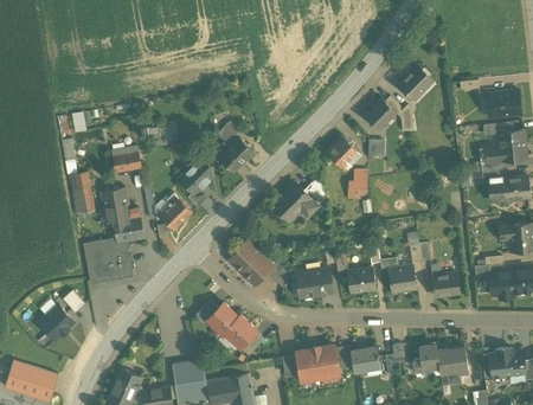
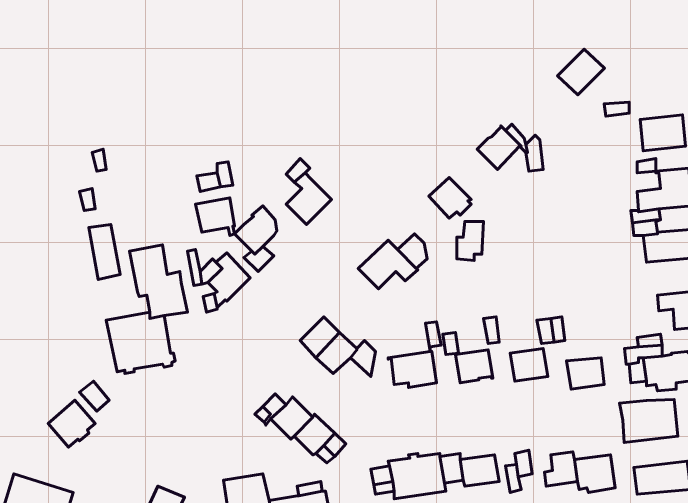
building: [398,66,434,101] -> [558,49,605,95]
building: [111,147,141,175] -> [195,198,235,235]
building: none -> [620,400,678,443]

